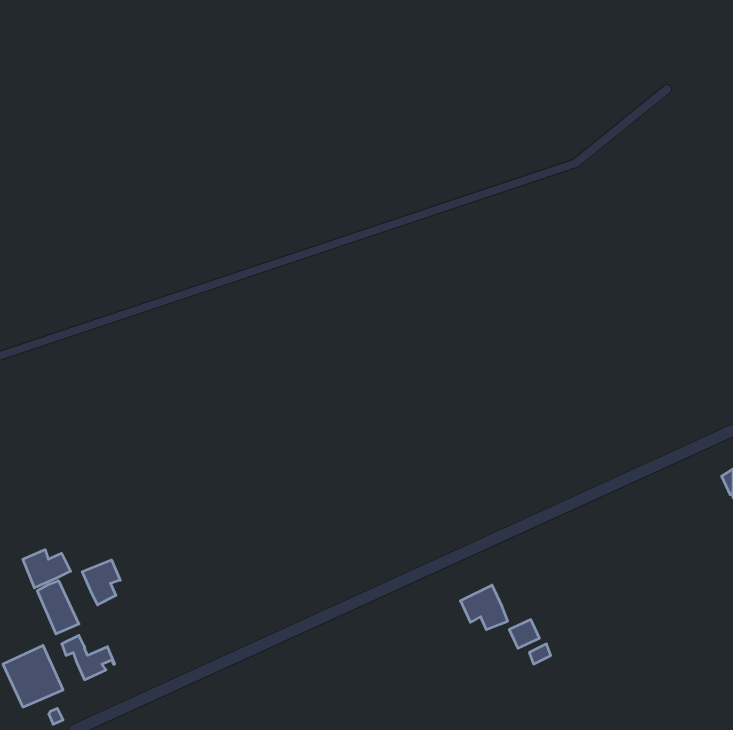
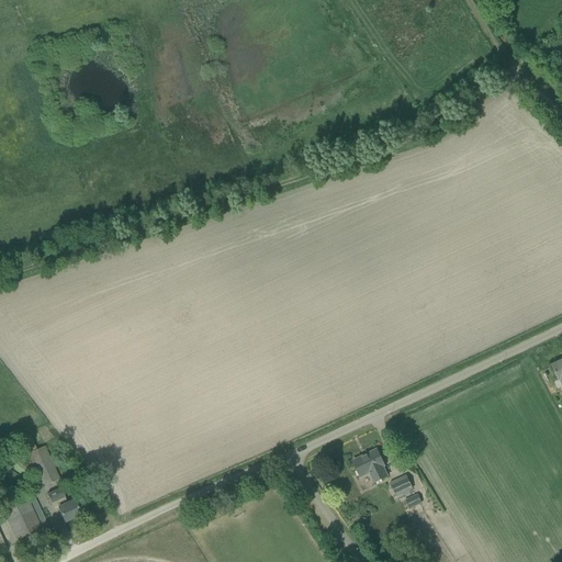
building: [23,550,71,588] -> none
building: [82,560,120,605] -> none

